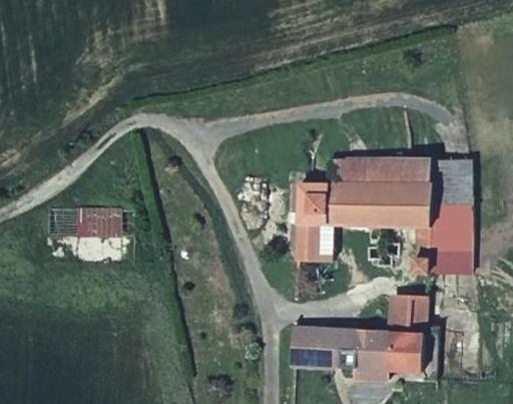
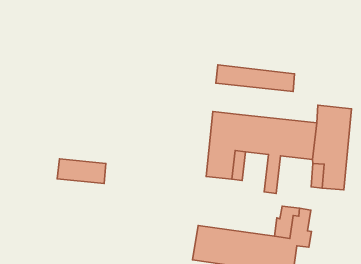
building: [329,159,426,182] -> [216,65,295,91]
building: [72,211,131,237] -> [57,159,106,184]

